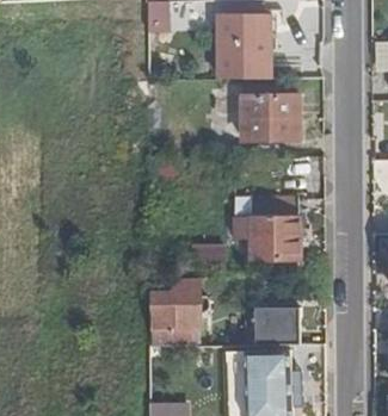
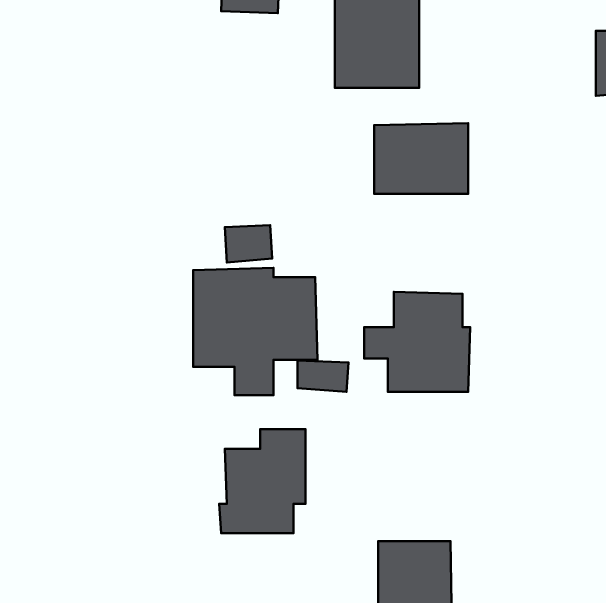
building: none -> [193,268,317,395]
building: [253,309,301,344] -> none

